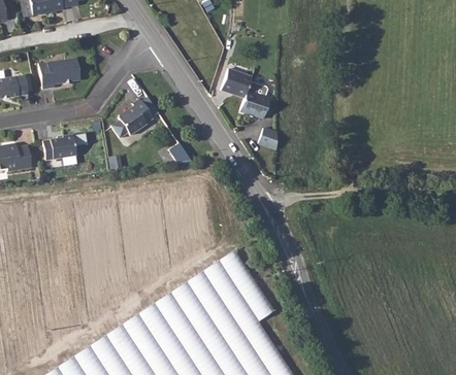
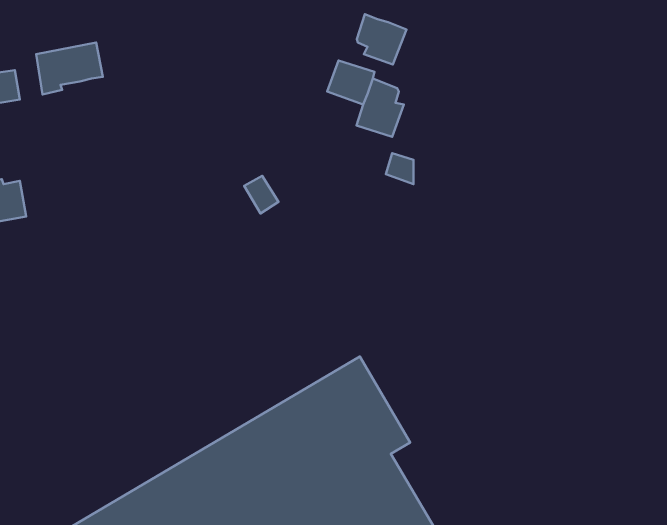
building: none -> [357,14,406,65]
building: [109,99,152,137] -> none
building: [40,135,74,161] -> none

